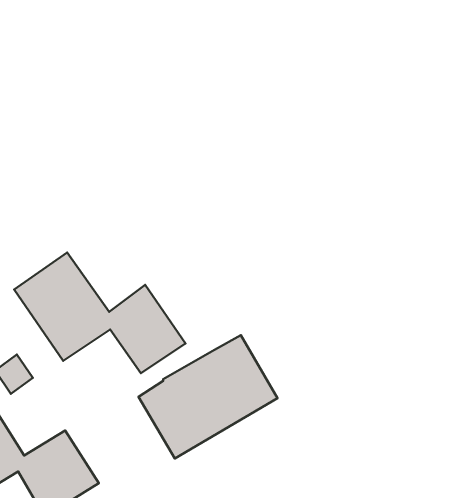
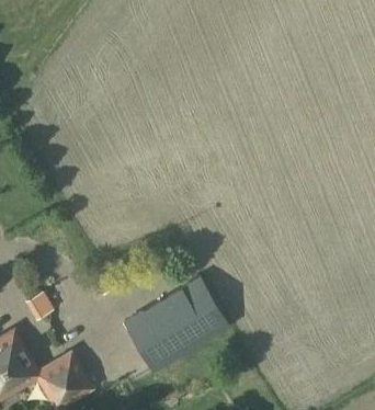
building: [14,252,186,373] -> none

